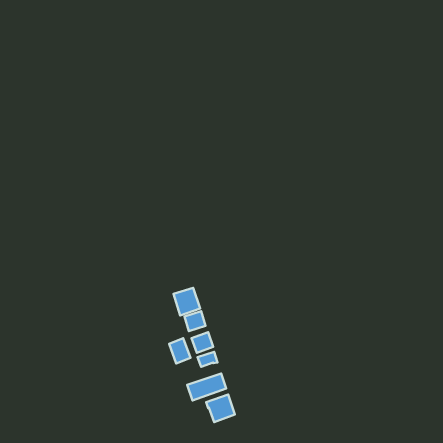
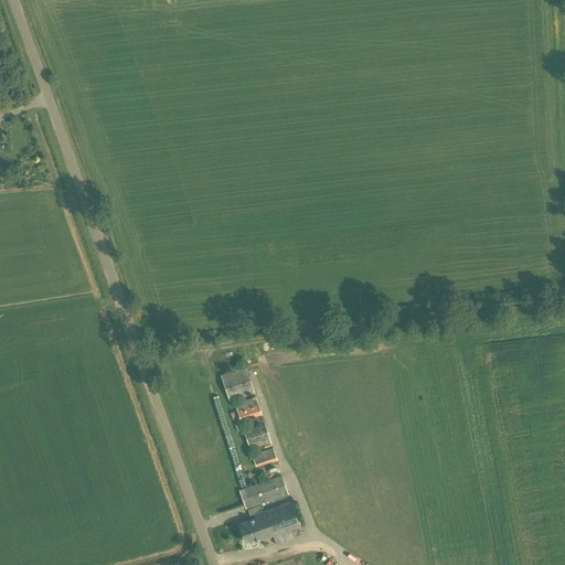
building: [169,338,191,363] -> none
building: none -> [237,512,273,543]

